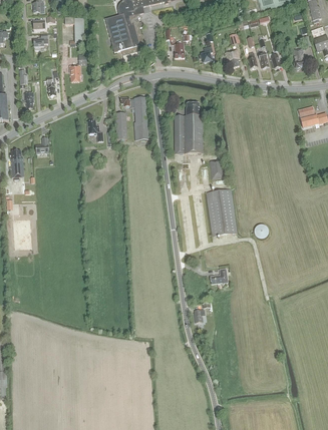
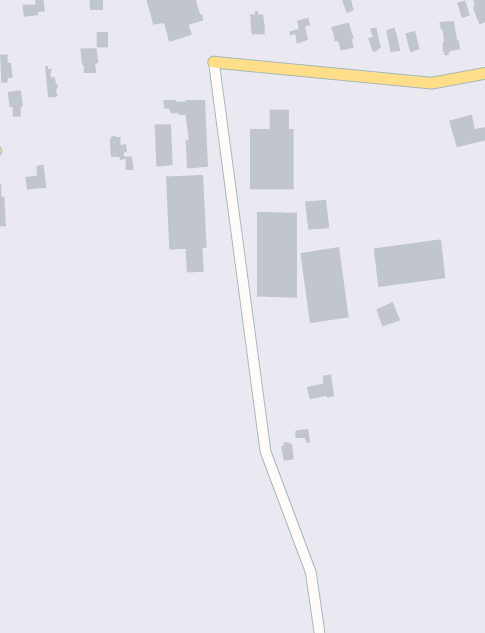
building: none -> [165,174,207,273]
building: none -> [256,211,297,298]
building: none -> [373,238,446,288]

